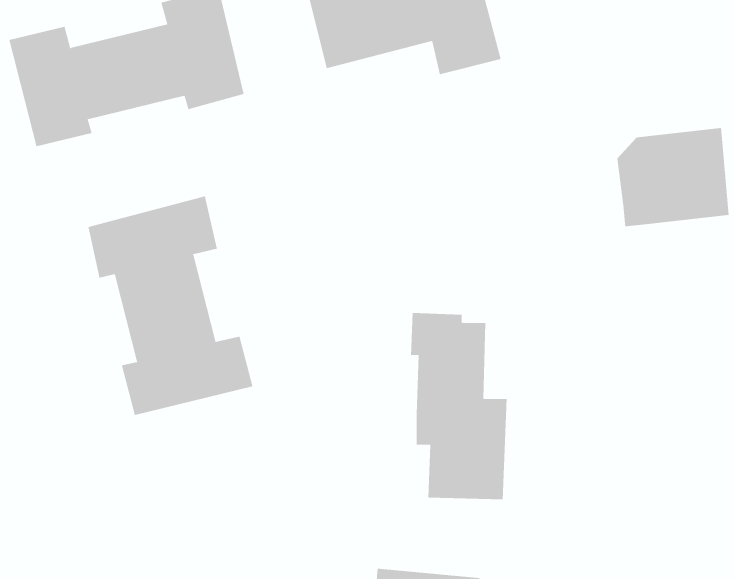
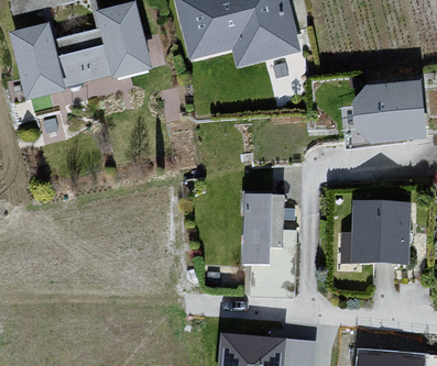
building: [88,196,253,416] -> none
building: none -> [357,206,408,262]

